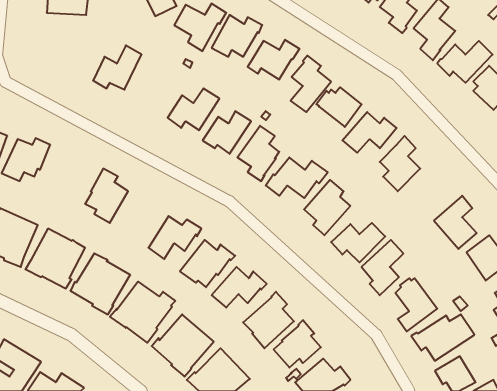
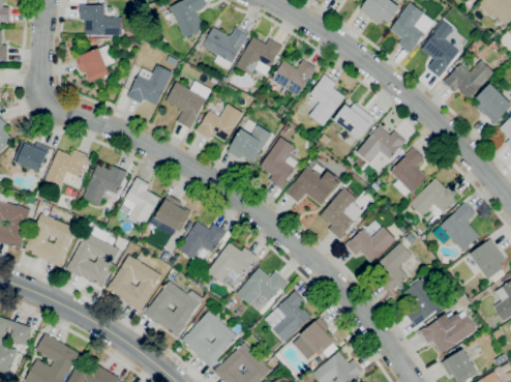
building: none -> [74,46,115,82]
building: none -> [166,82,206,128]
building: none -> [83,165,127,205]
building: none -> [409,177,460,218]
building: none -> [149,195,190,235]

